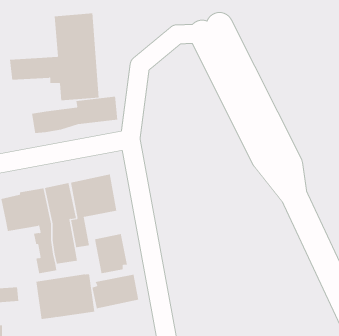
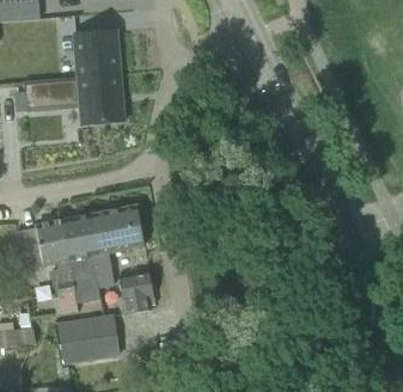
building: [31,96,118,134] -> none
building: [92,274,139,309] -> none

